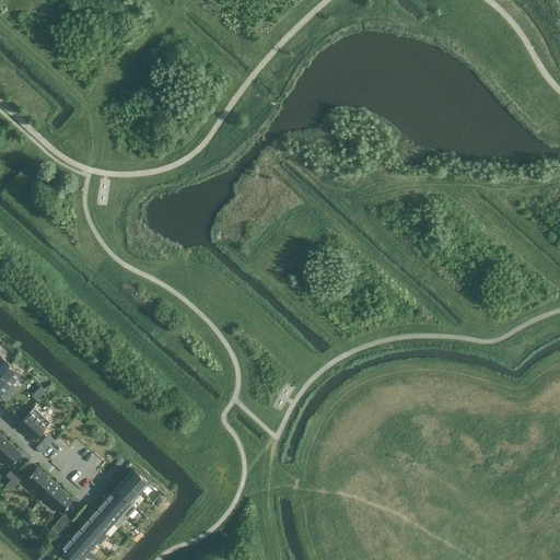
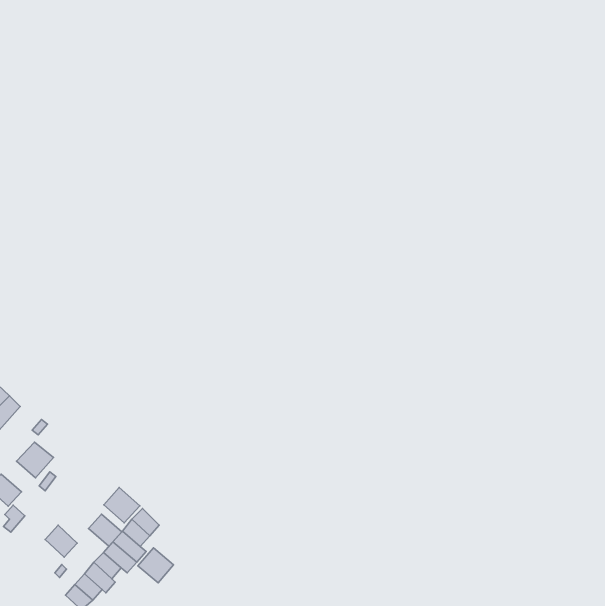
building: none -> [104,488,140,523]
building: [23,468,54,498] -> [88,514,122,546]
building: none -> [138,548,174,583]

